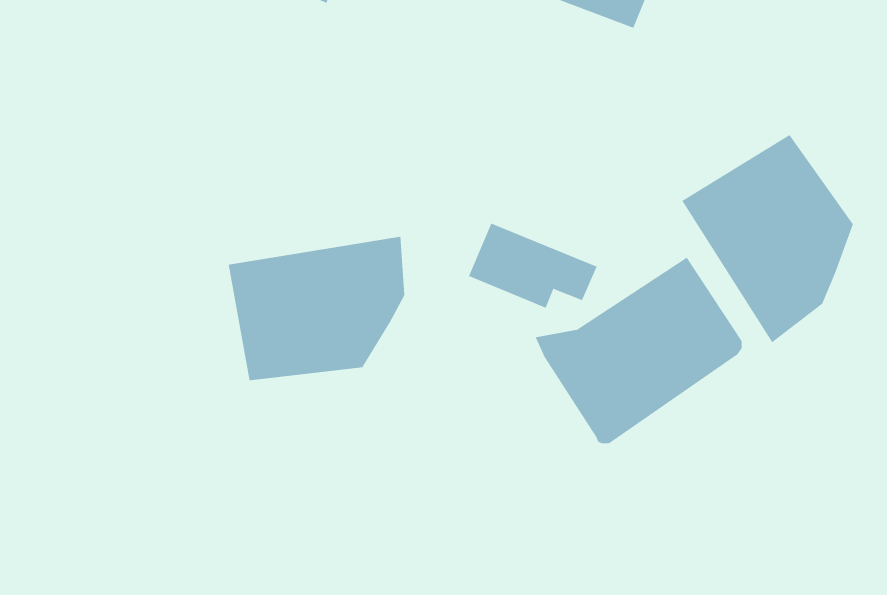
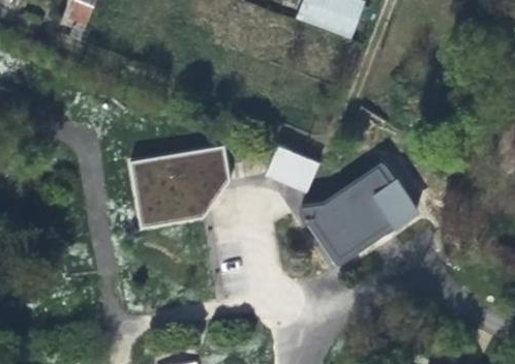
building: [682,134,854,343] -> none

